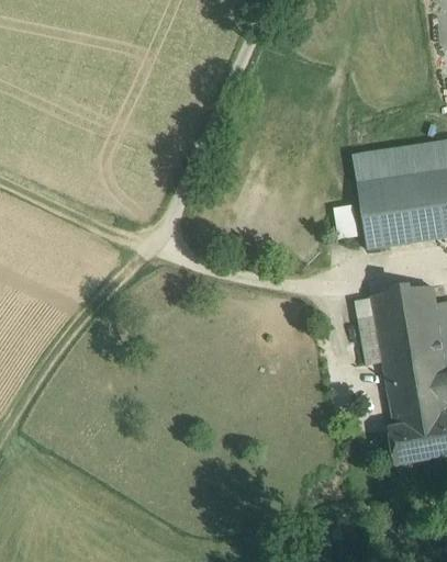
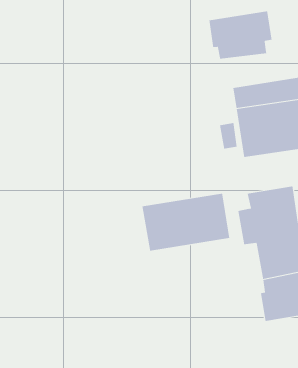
building: none -> [209,10,272,60]
building: none -> [142,193,230,251]

